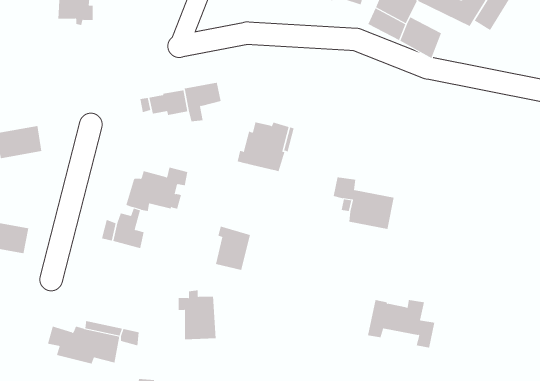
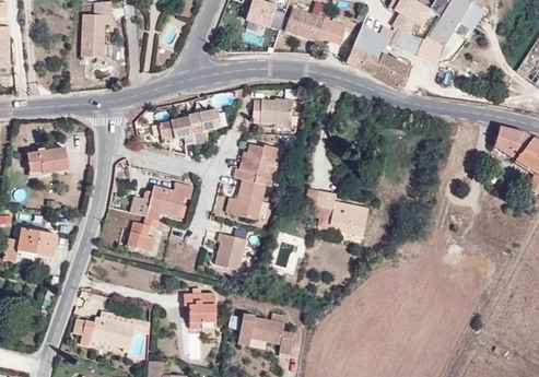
building: none -> [253,97,293,125]
building: none -> [225,179,266,220]
building: [367,299,435,348] -> [237,313,295,354]

